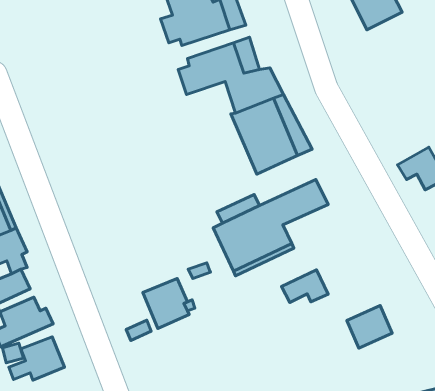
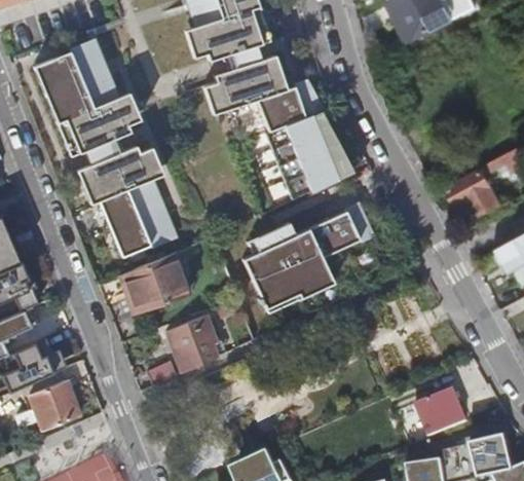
building: none -> [46,40,139,152]
building: none -> [83,144,172,256]
building: none -> [120,253,186,312]
building: [281,270,328,302] -> none
building: [347,306,392,348] -> [415,387,465,435]

